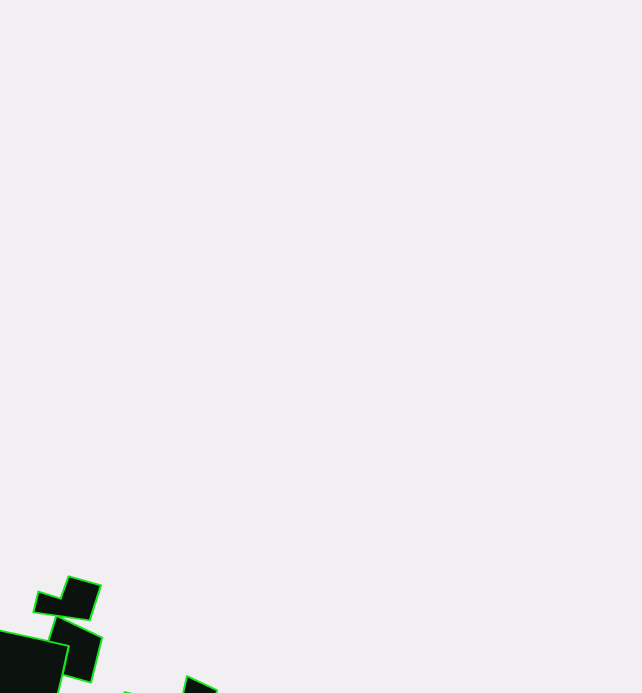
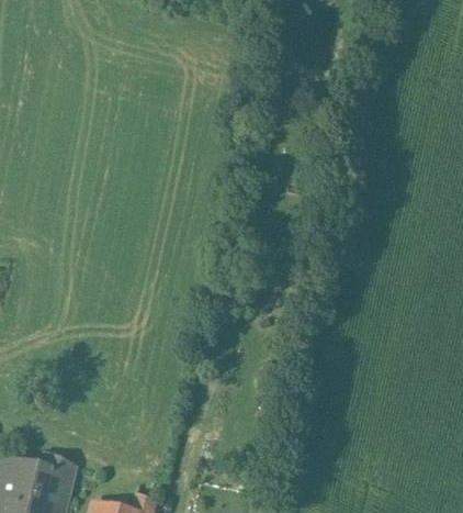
building: [34,576,101,620] -> none

